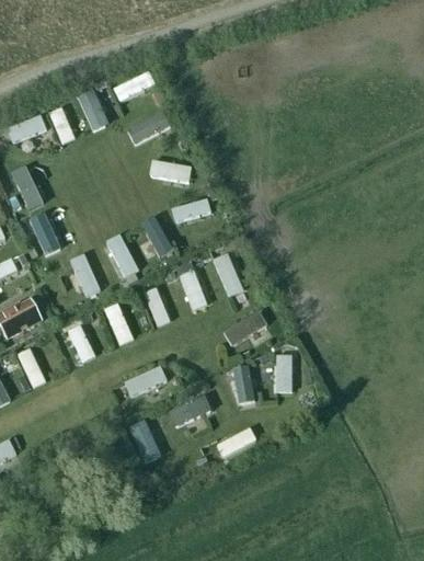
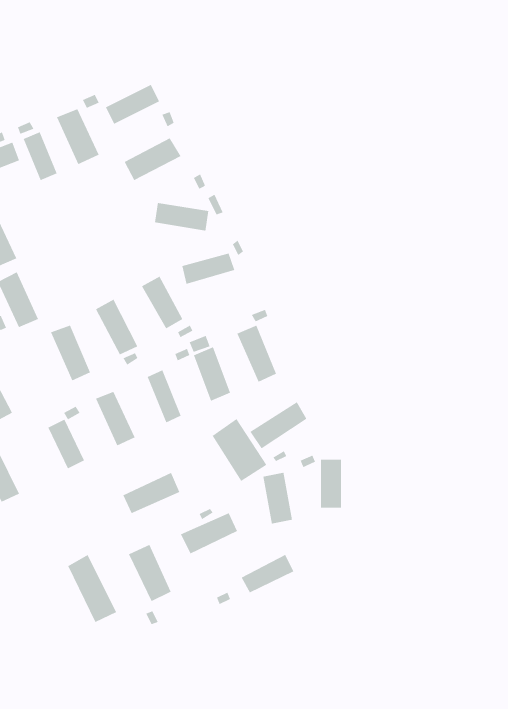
building: none -> [212,418,267,482]
building: none -> [67,554,117,623]

